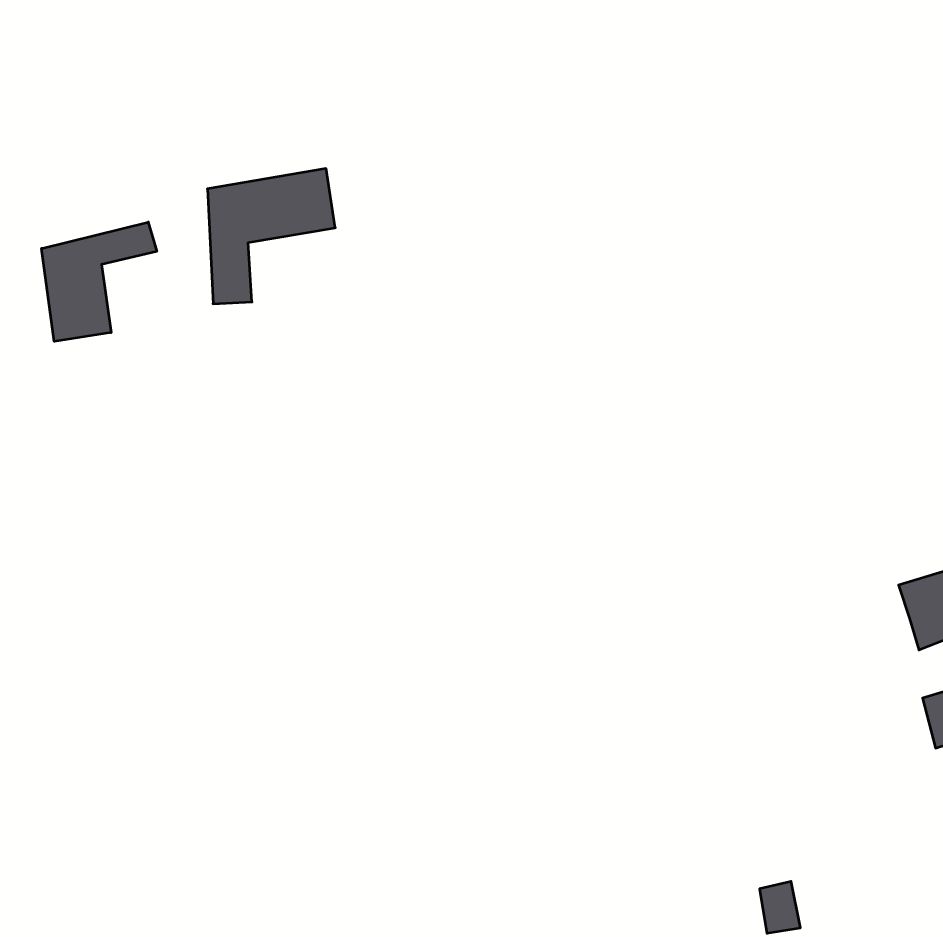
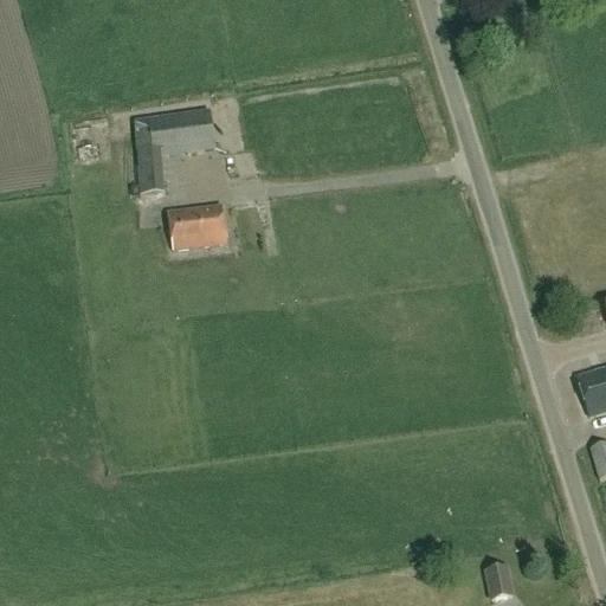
building: [42,222,157,341] -> none
building: none -> [168,201,228,247]

